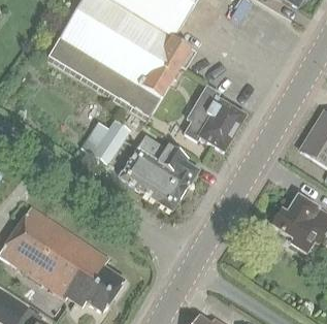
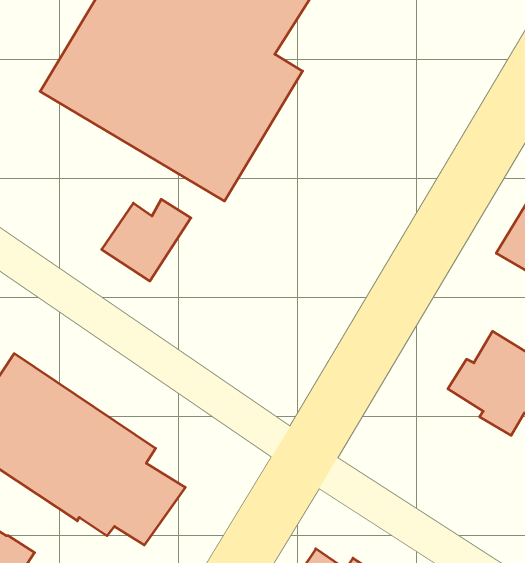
building: [185,86,246,151] -> none
building: [119,135,198,210] -> none

